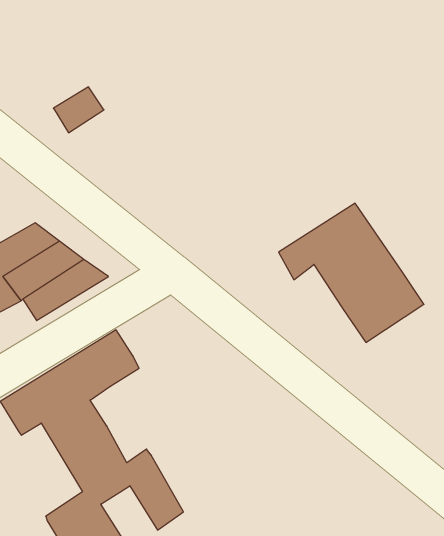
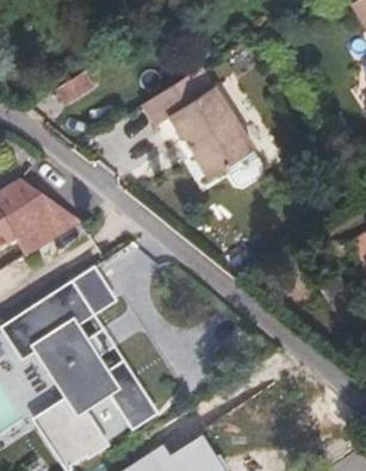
building: [279,203,424,342] -> [139,73,253,181]

